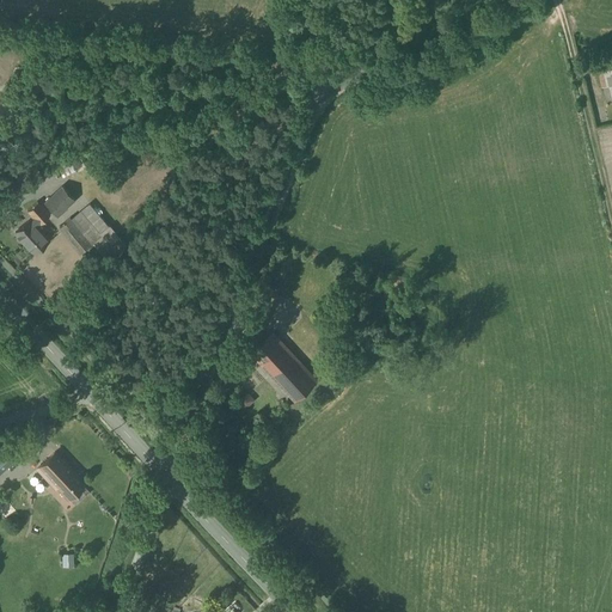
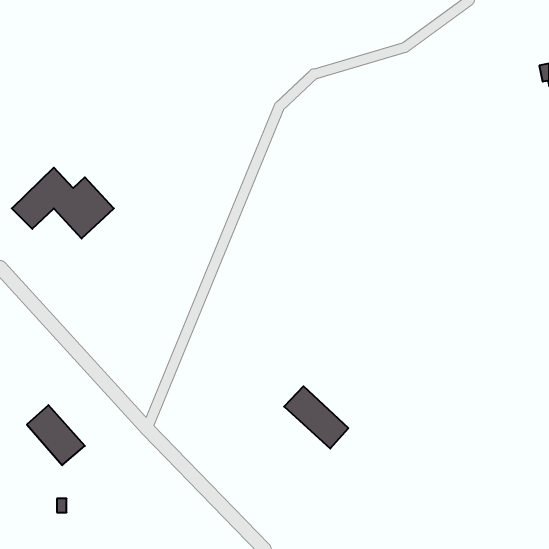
building: [249,331,320,400] -> [284,386,348,449]

